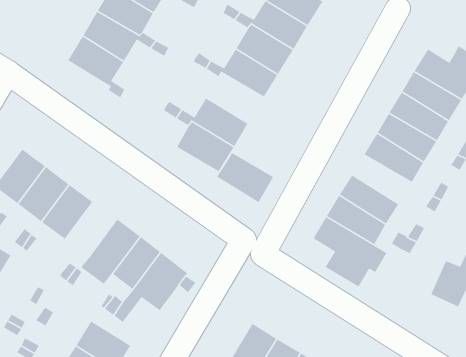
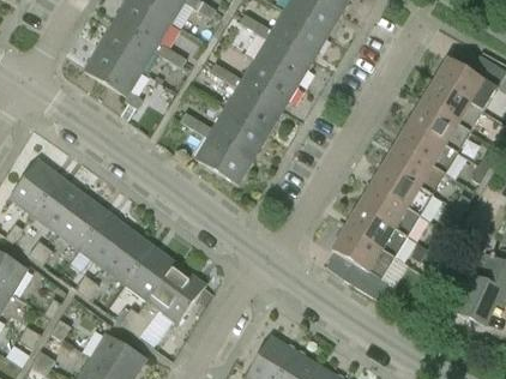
building: [216,152,274,203] -> [223,83,282,134]
building: none -> [371,166,432,216]
building: none -> [80,213,133,270]

